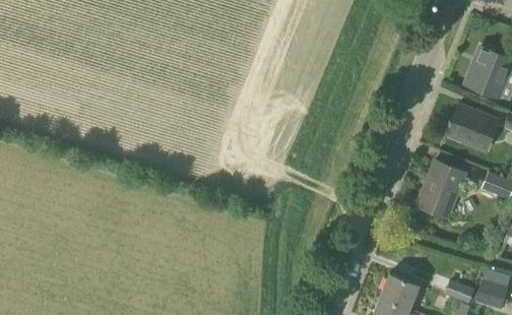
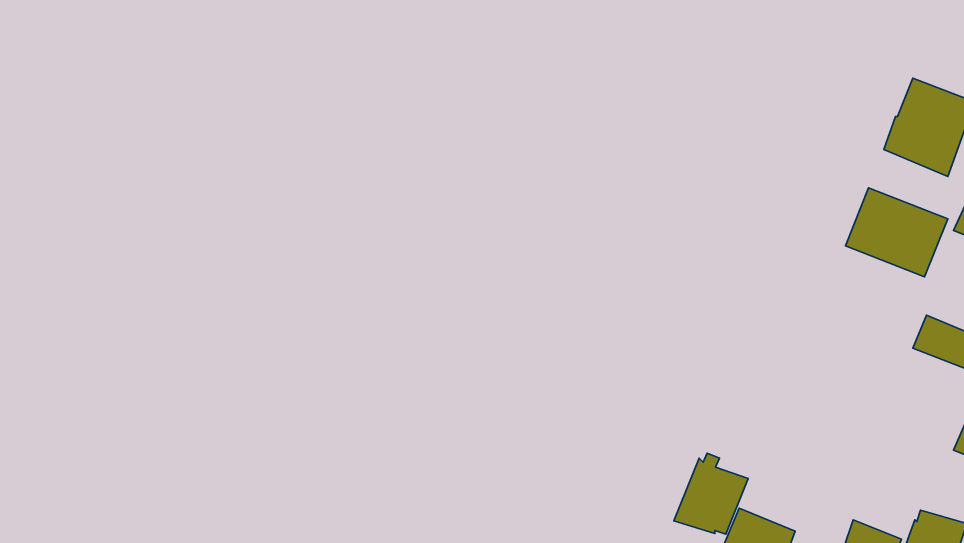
building: [418,160,466,217] -> none
building: none -> [674,453,748,534]

